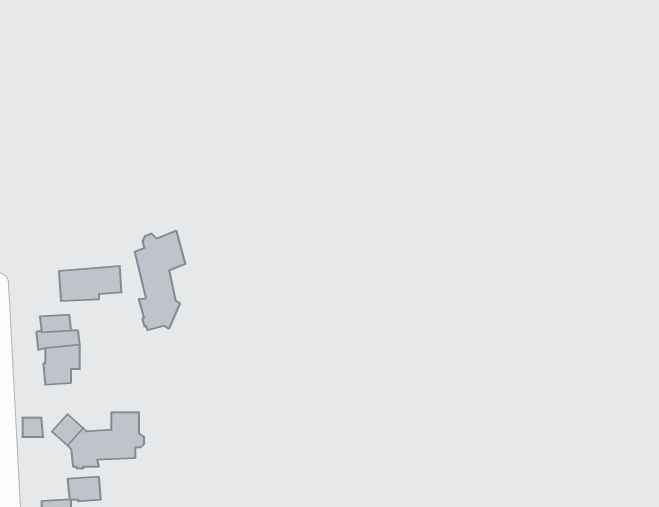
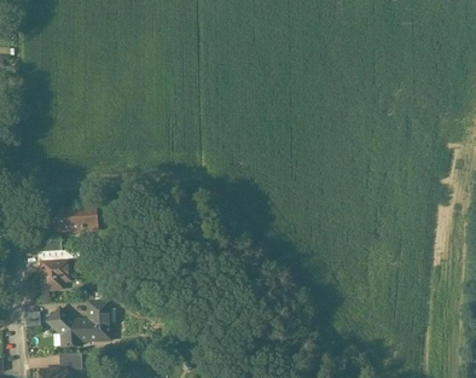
building: [135,231,185,330] -> none

